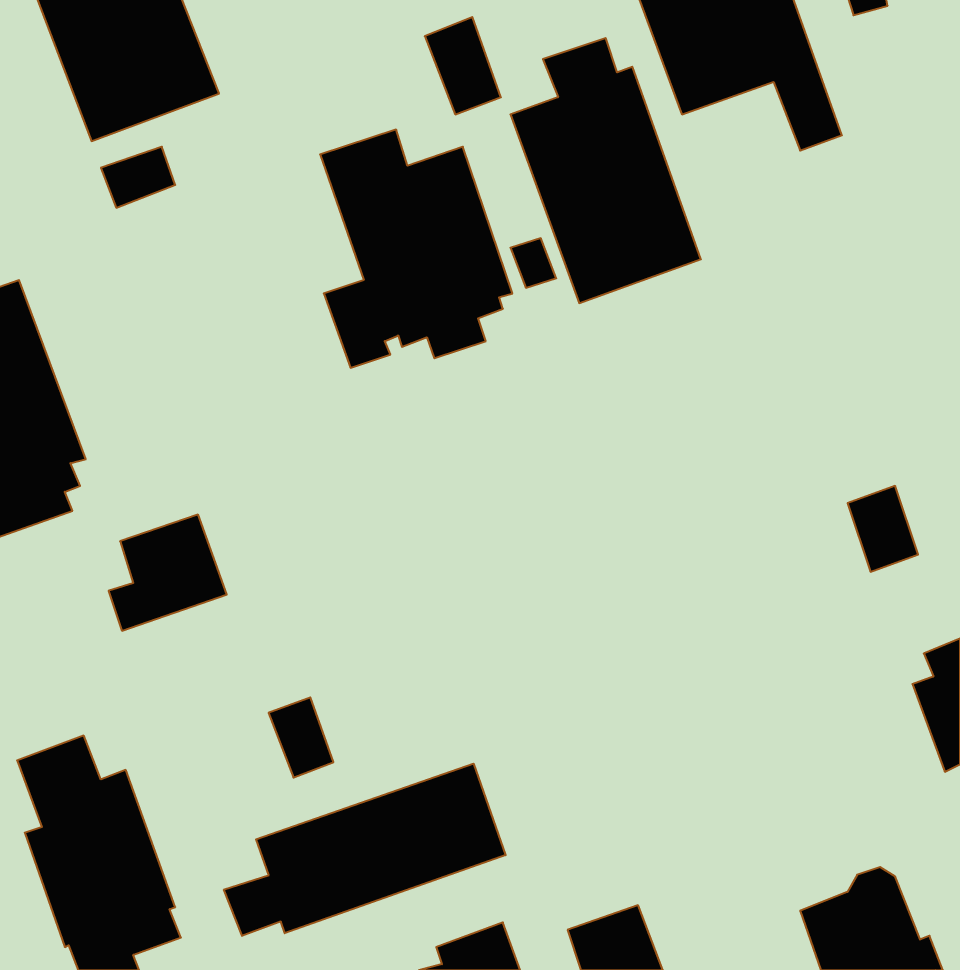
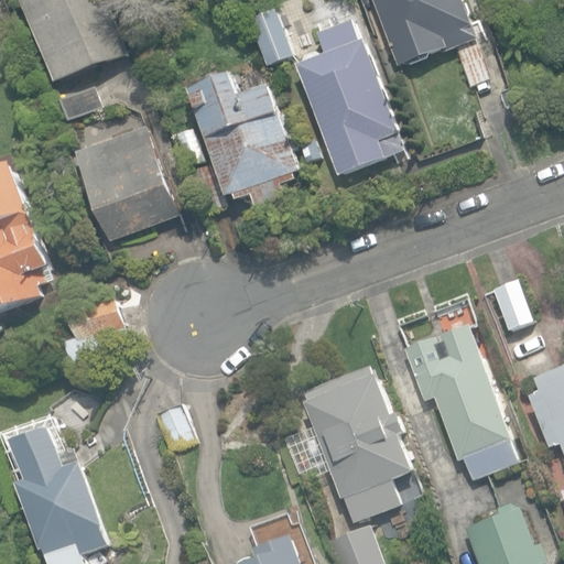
building: none -> [76,124,178,240]
building: none -> [402,323,514,478]
building: none -> [281,369,411,522]
building: [224,764,506,936] -> none

